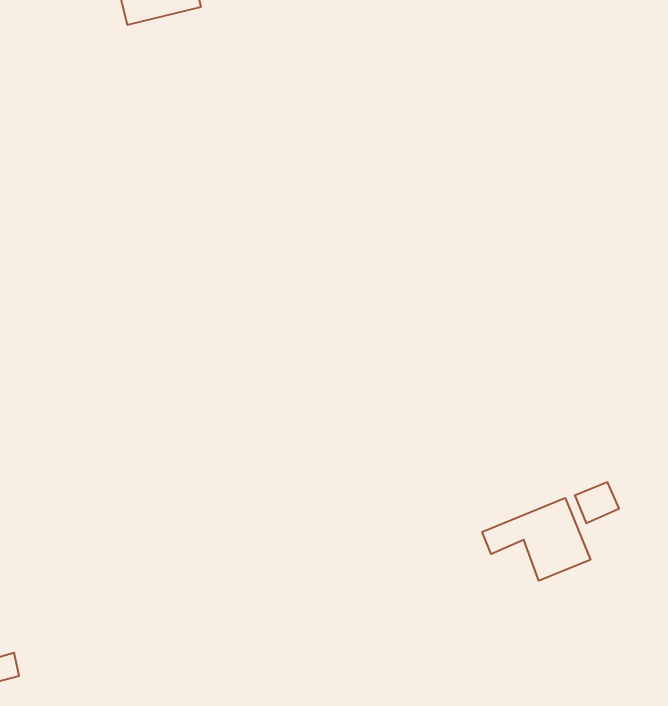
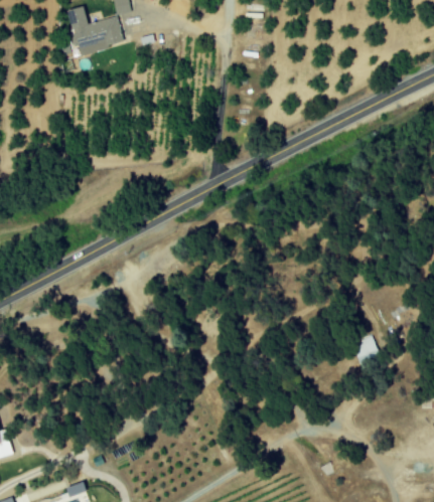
building: [482,498,590,581] -> none

